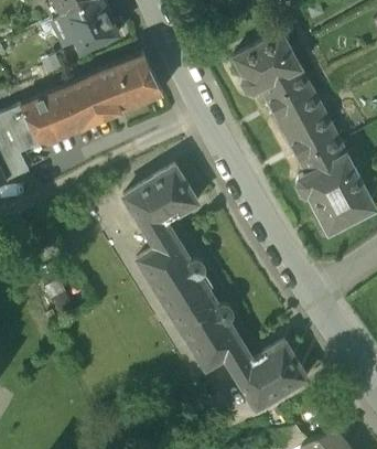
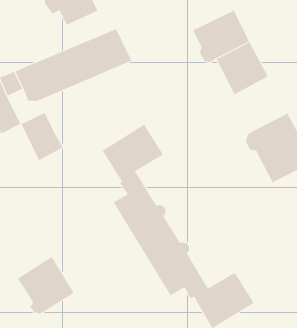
building: [283,111,347,175] -> none
building: none -> [21,112,63,161]
building: none -> [17,256,75,314]

